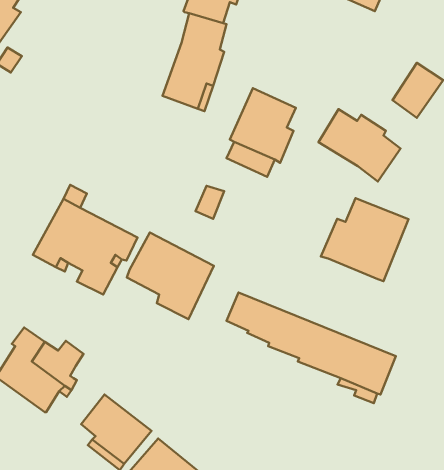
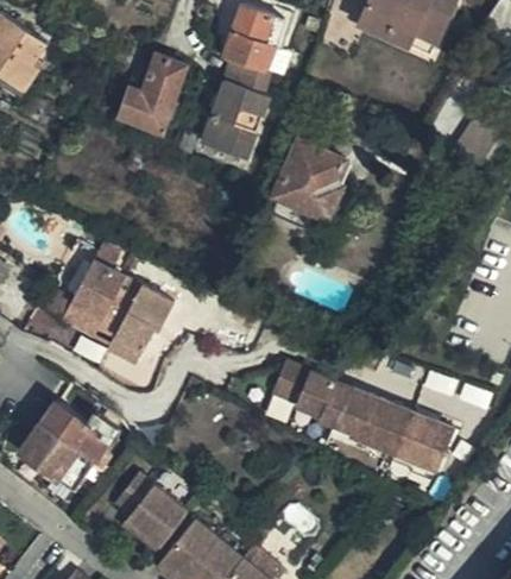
building: none -> [119,52,184,131]
building: [318,109,401,182] -> none
building: [321,198,409,281] -> none
building: [127,232,214,319] -> none

